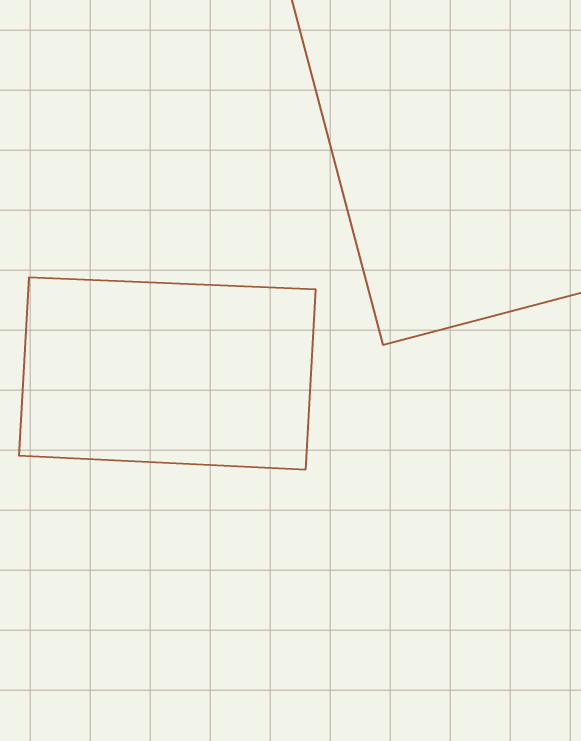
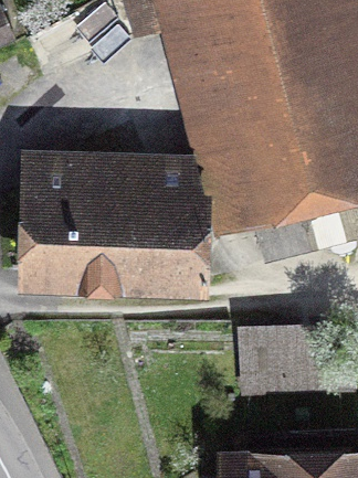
building: none -> [234,331,325,384]

